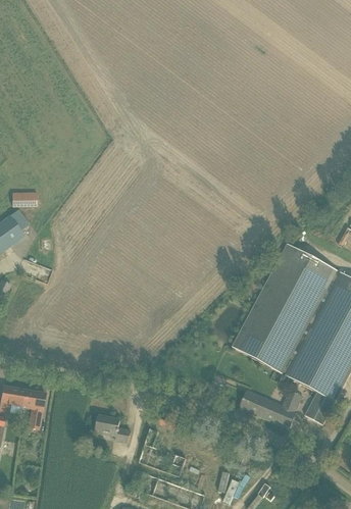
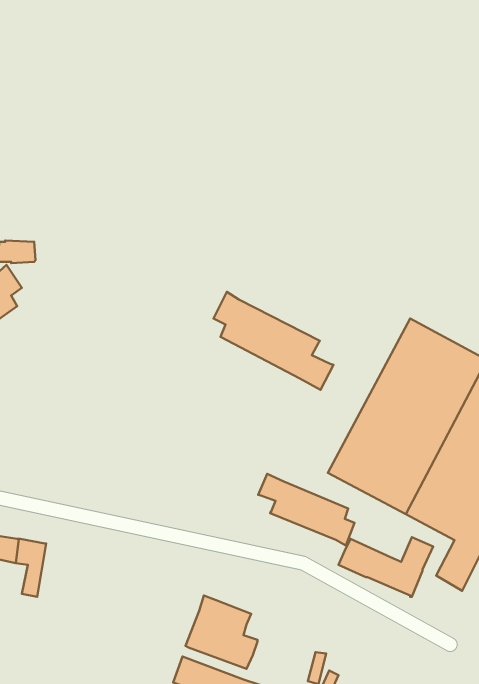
building: none -> [214,292,334,390]
building: none -> [258,474,355,545]
building: [95,416,130,443] -> none

